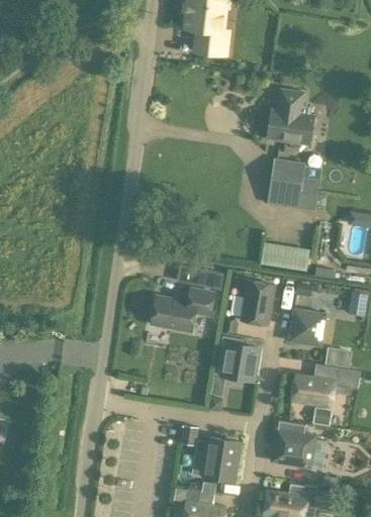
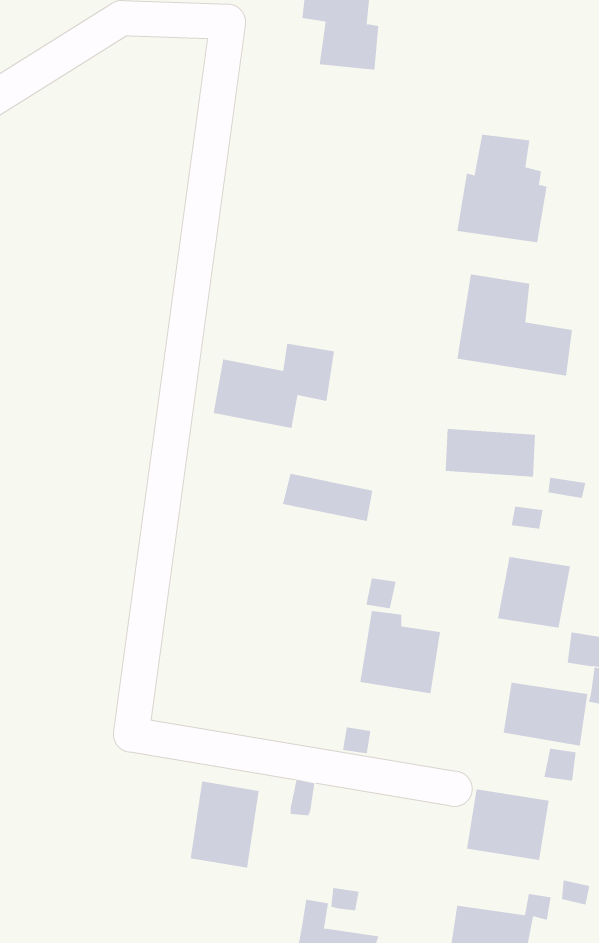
building: [241,280,275,324] -> none
building: [151,287,214,331] -> [213,343,335,429]
building: [203,436,240,482] -> [190,781,259,868]

